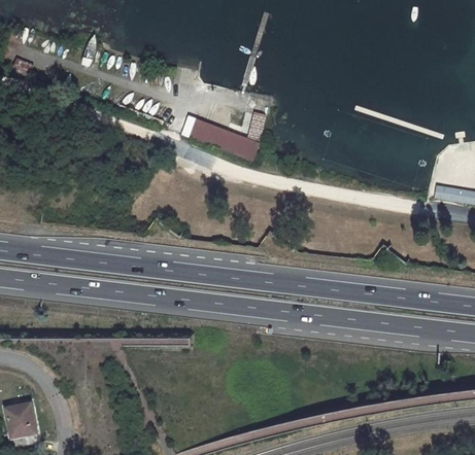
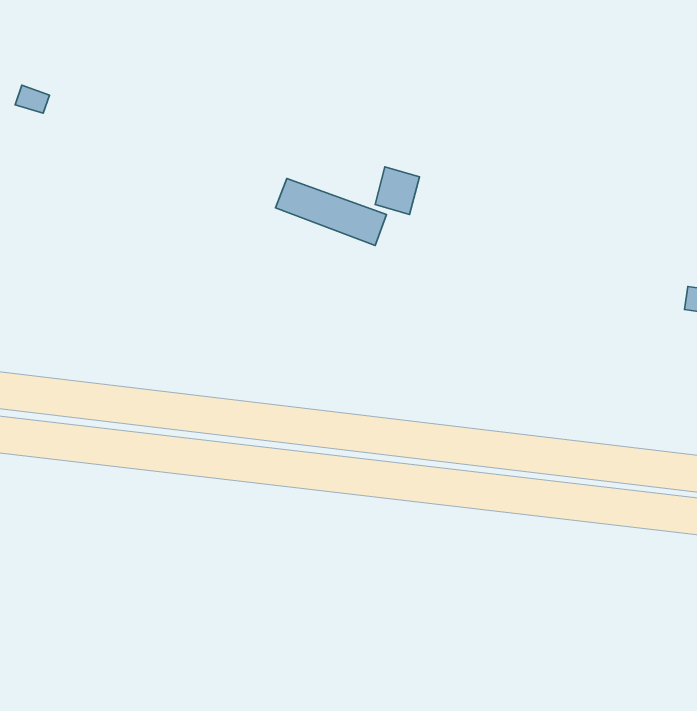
building: [7,398,40,436] -> none

